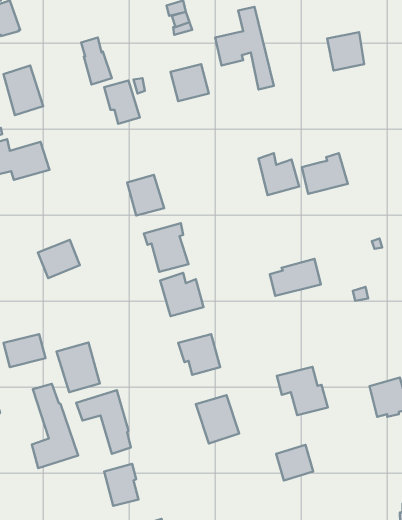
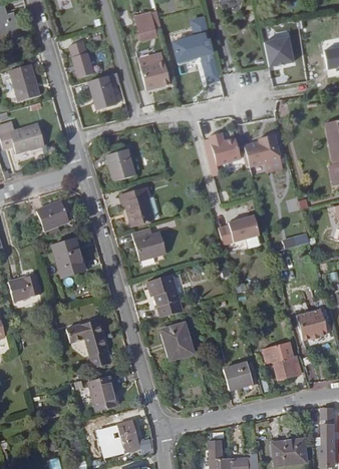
building: [57,343,100,392] -> [51,239,85,278]
building: [277,367,328,415] -> [262,342,302,380]
building: [32,384,78,468] -> none

